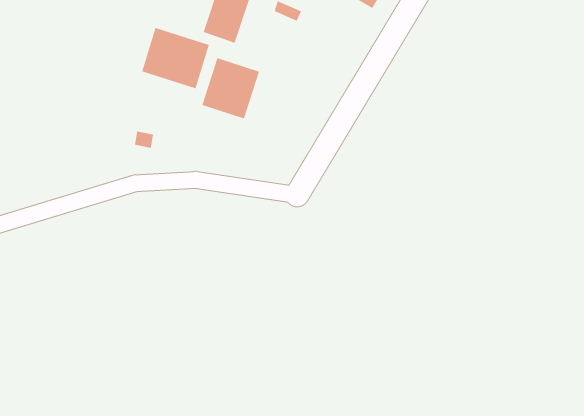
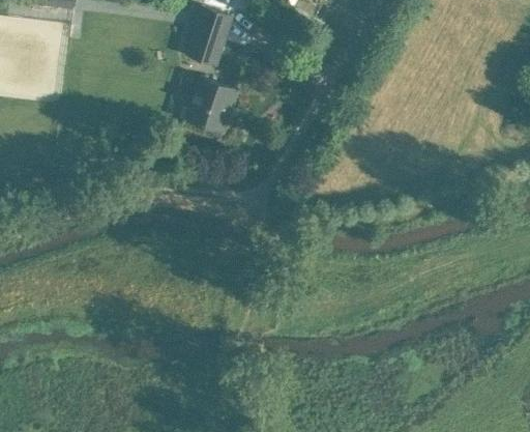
building: [141,27,209,89] -> none

